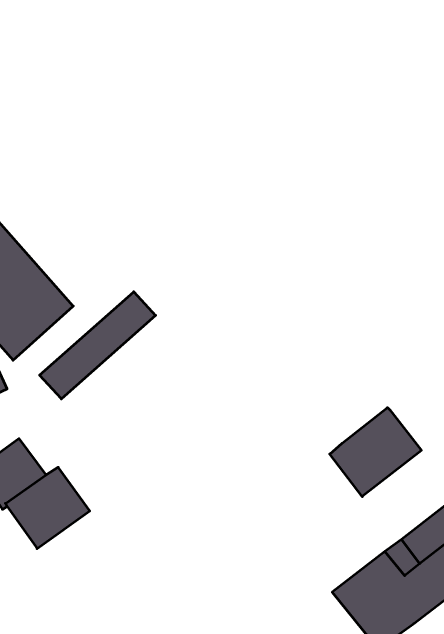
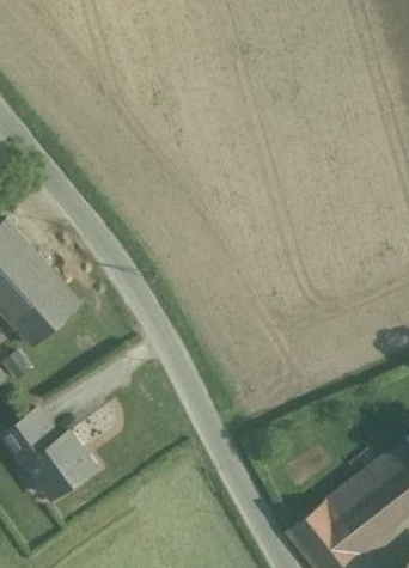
building: [40,292,156,399] -> none
building: [330,408,421,497] -> none

